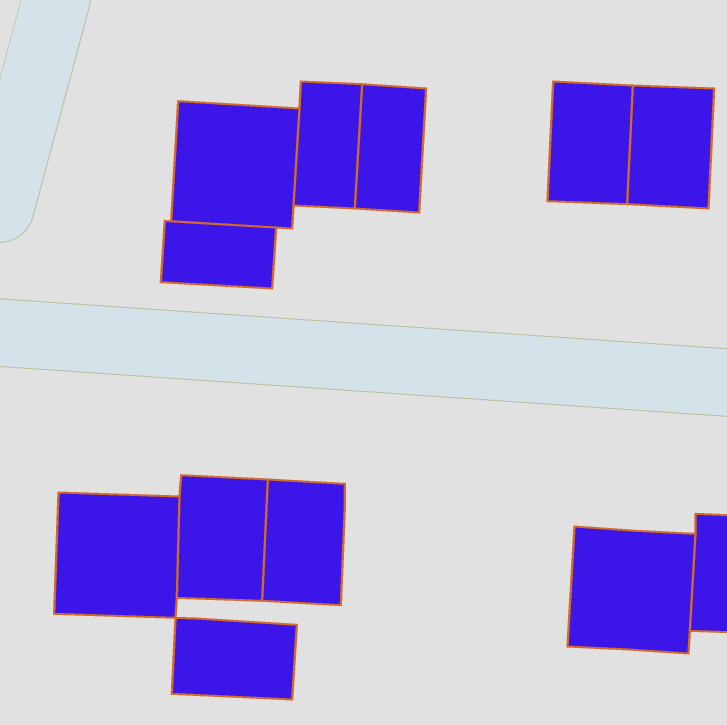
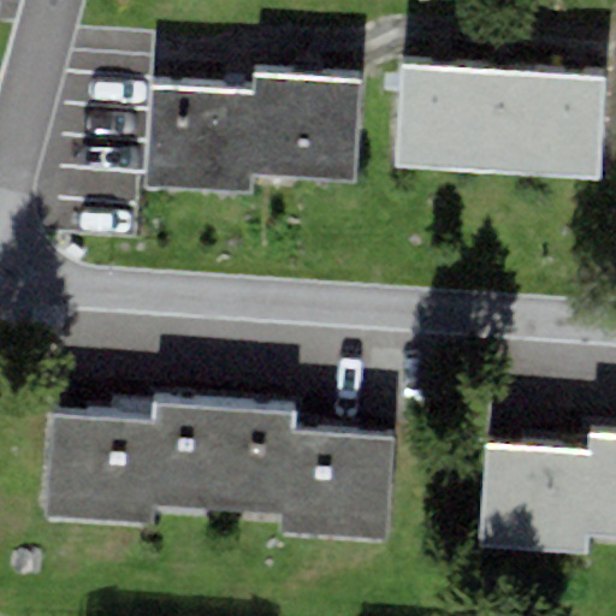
building: none -> [397,65,468,170]
building: [161,221,276,289] -> none
building: none -> [288,427,392,534]
building: [172,618,297,699] -> none

